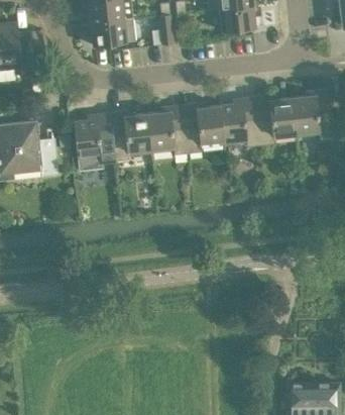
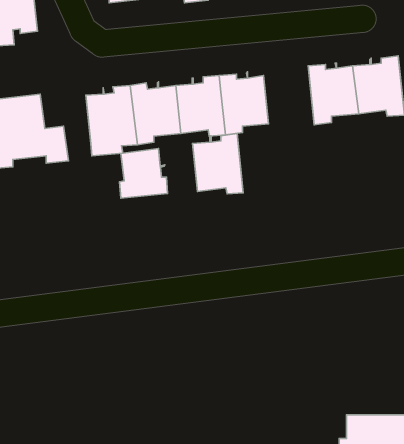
building: [218,97,259,146] -> [193,134,243,194]
building: none -> [120,149,168,198]

